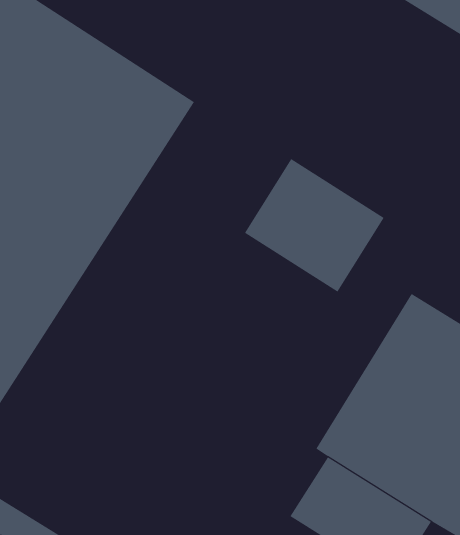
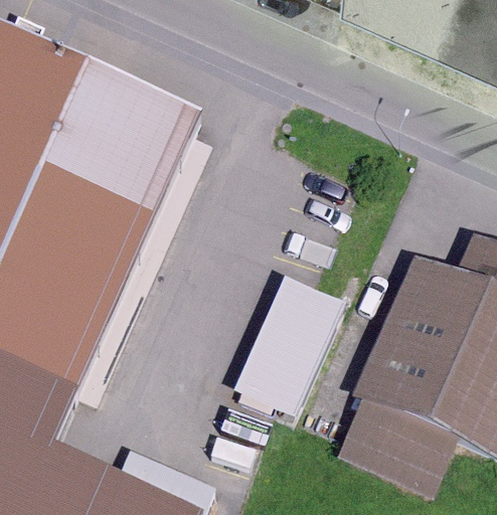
building: [244,158,384,292] -> none
building: none -> [234,271,347,411]

